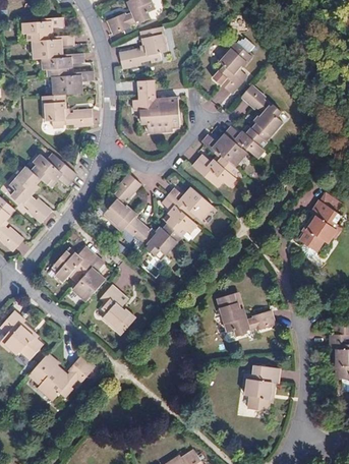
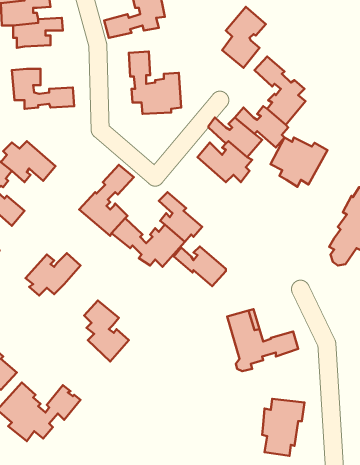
building: [51,71,93,95] -> none
building: none -> [270,137,328,187]
building: [168,187,211,220] -> [174,246,226,286]
building: [72,255,106,300] -> none

